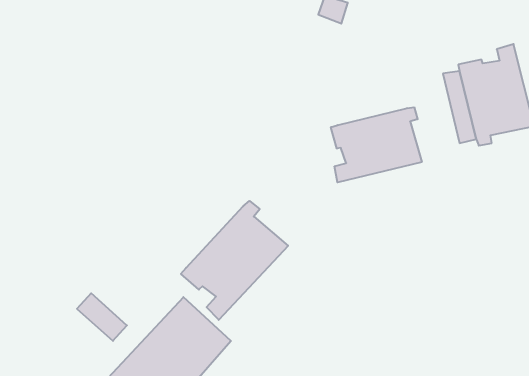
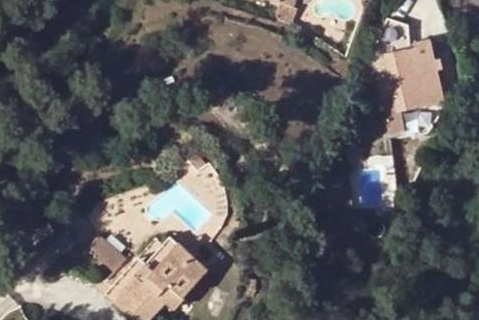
building: [331,107,422,182] -> none
building: [181,201,288,320] -> none

